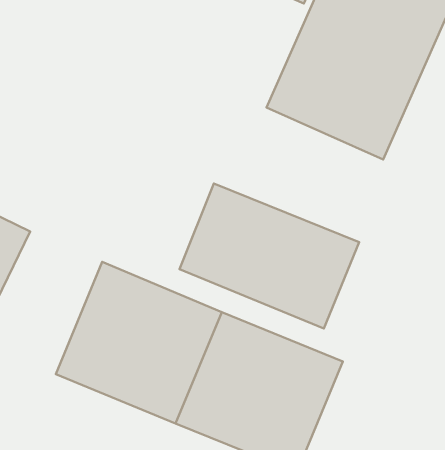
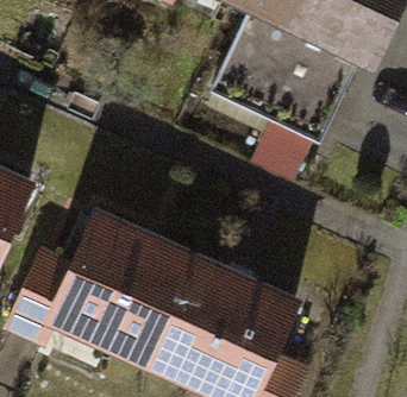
building: [179,184,359,328] -> none

